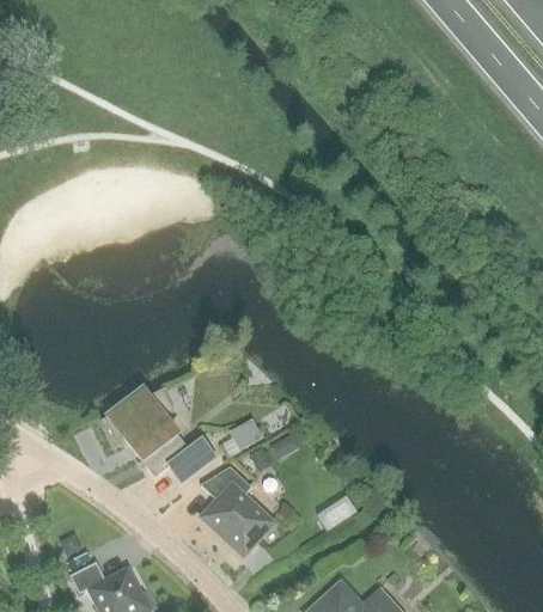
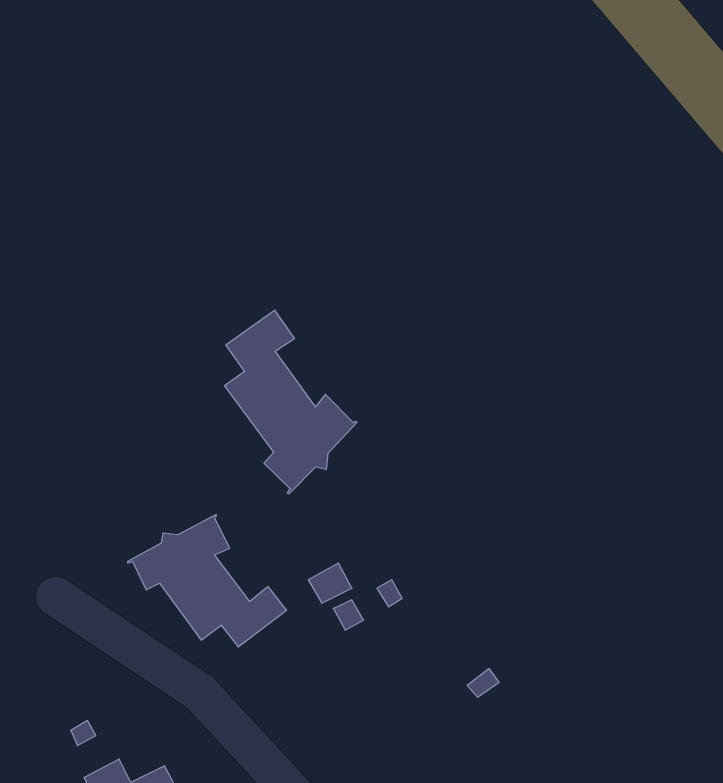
building: none -> [225,310,357,494]
building: [200,466,270,556] -> none

